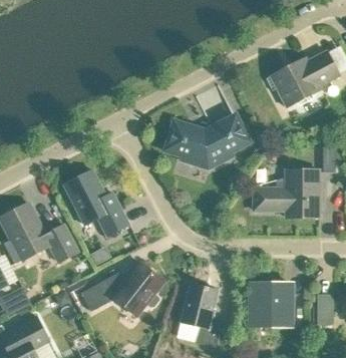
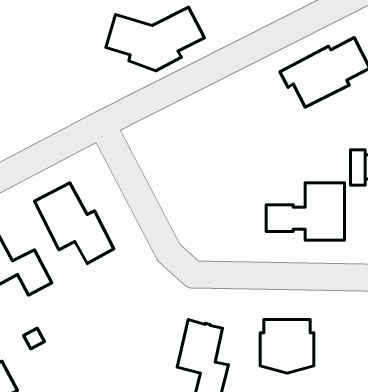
building: [166,116,248,168] -> [106,7,205,71]
building: [80,261,164,316] -> none
building: [317,294,333,324] -> none

